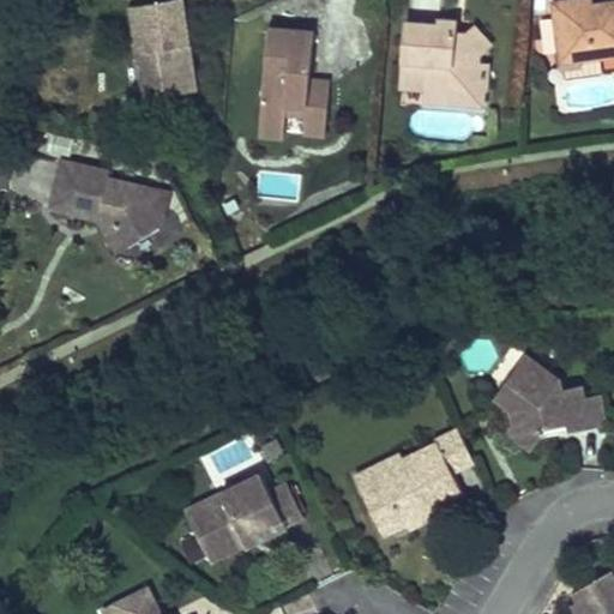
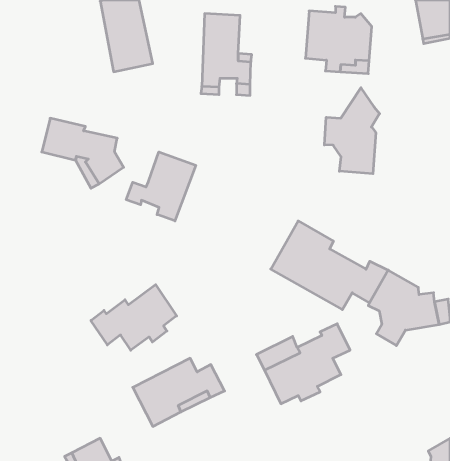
building: none -> [324,88,380,174]
building: none -> [126,152,196,221]
building: none -> [271,221,388,310]
building: none -> [91,285,177,350]

